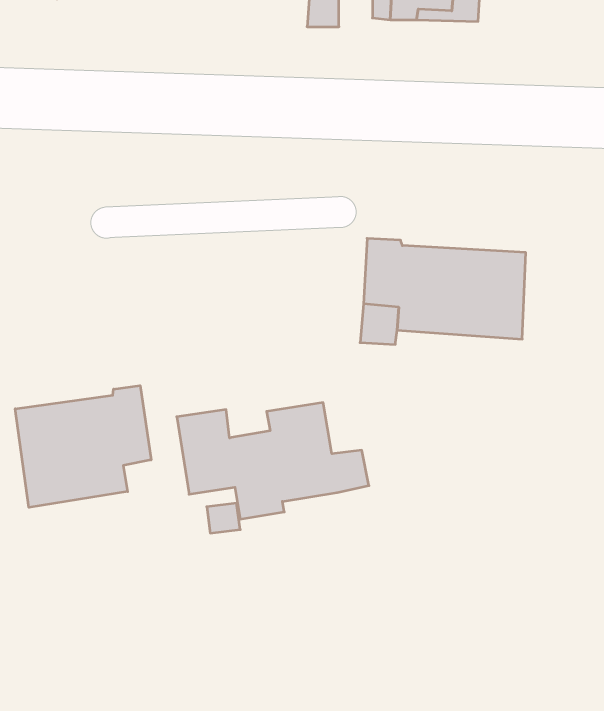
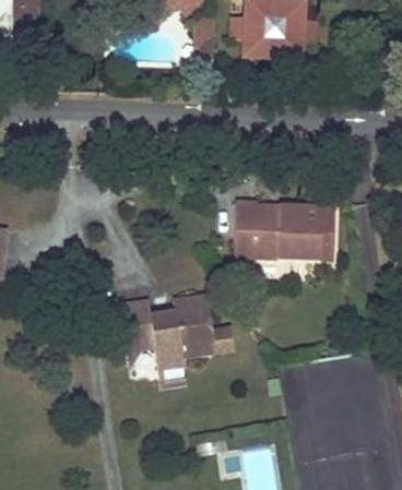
building: [15,386,151,507] -> none

